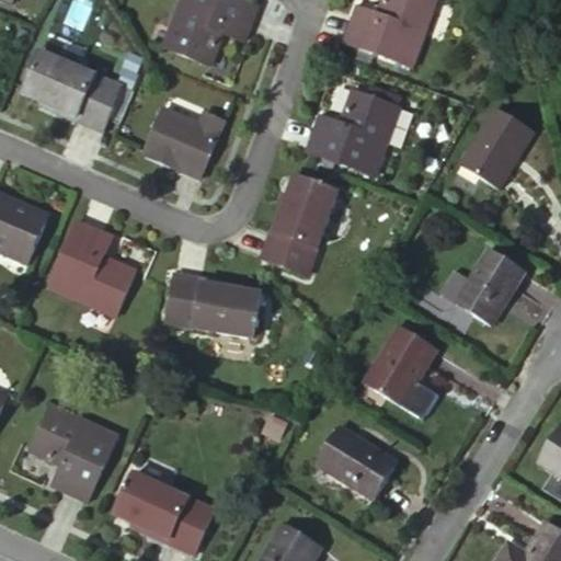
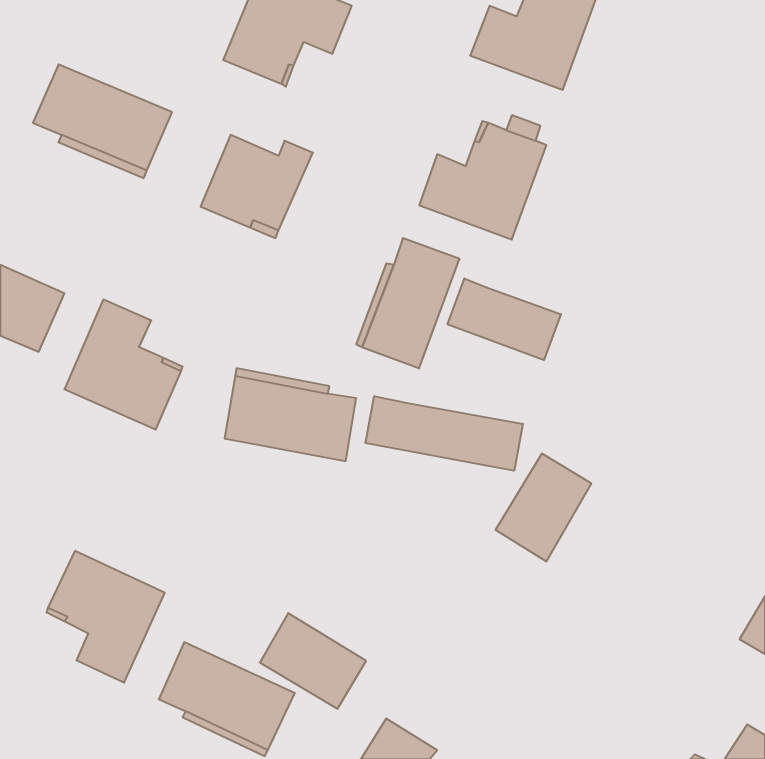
building: [463,112,540,198] -> none
building: none -> [447,278,561,360]
building: [436,255,516,327] -> none
building: none -> [365,396,523,471]
building: [317,431,394,501] -> [260,613,366,709]

